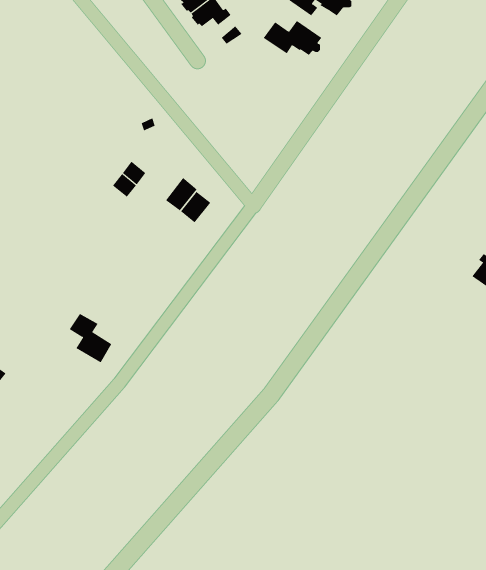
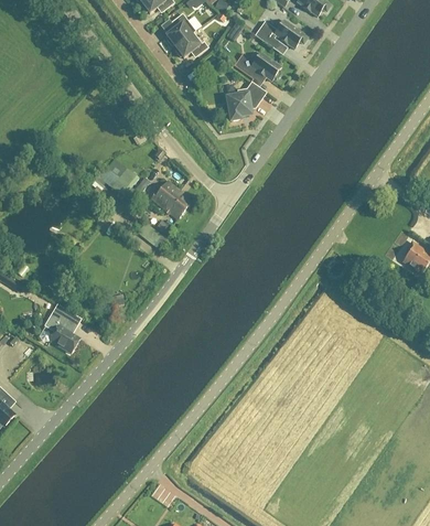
building: none -> [225,80,265,119]
building: [69,313,112,363] -> [42,311,77,352]

